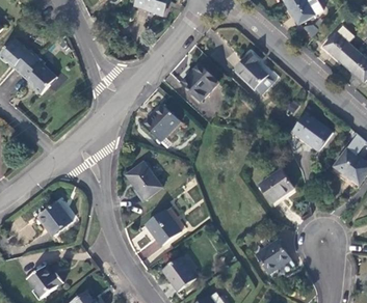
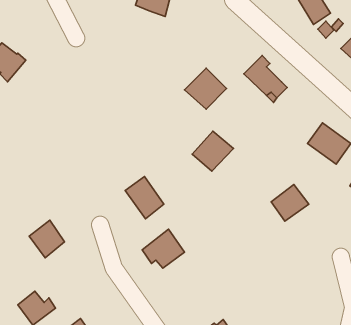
building: [20,56,55,95] -> none
building: [143,105,181,141] -> [192,131,233,171]
building: [257,240,291,274] -> none
building: [164,257,195,291] -> none

